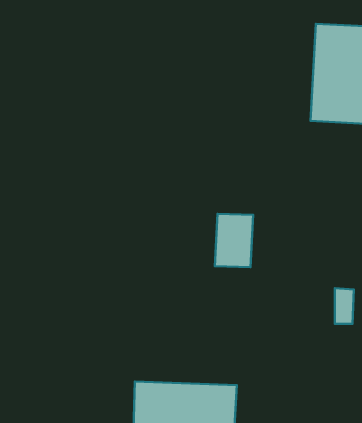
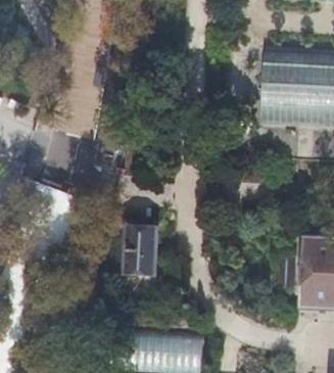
building: [215,214,253,267] -> [127,230,157,273]

